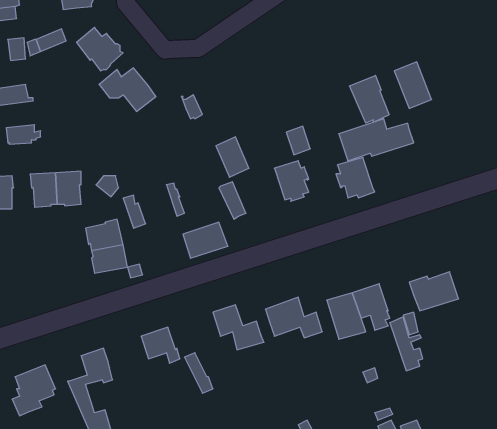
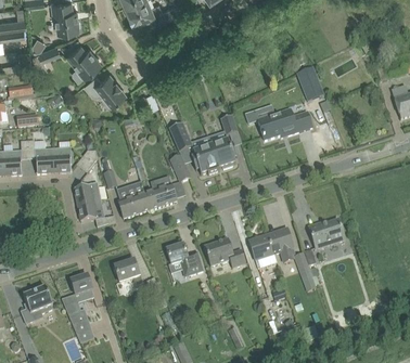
building: [349,75,389,123] -> none
building: [336,157,375,198] -> [191,146,219,176]
building: none -> [117,194,150,220]

